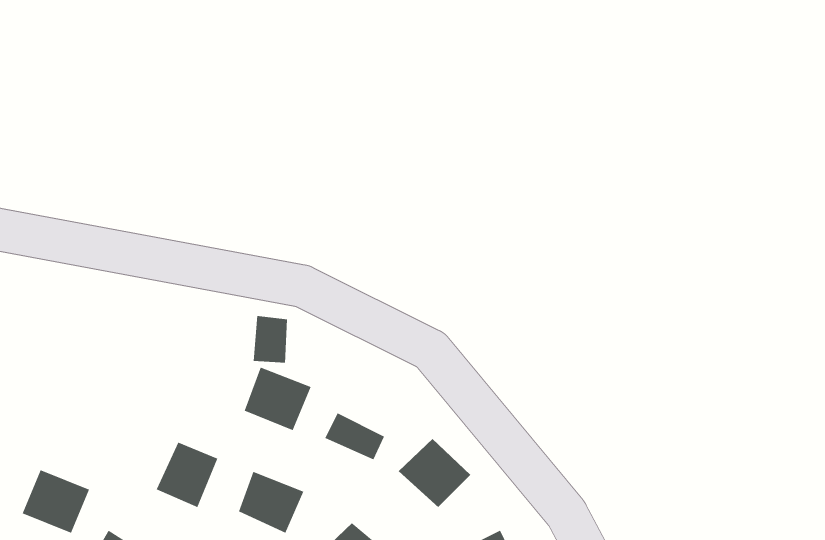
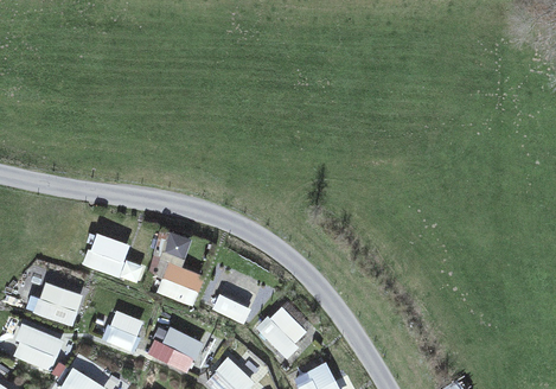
building: none -> [83,234,128,274]
building: none -> [37,282,79,323]

